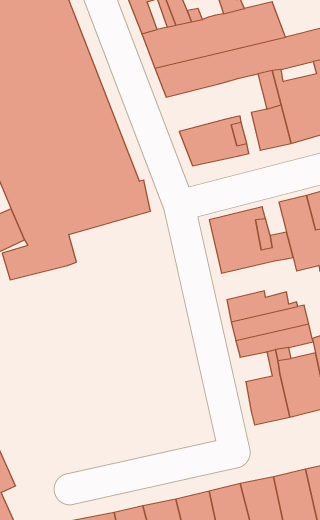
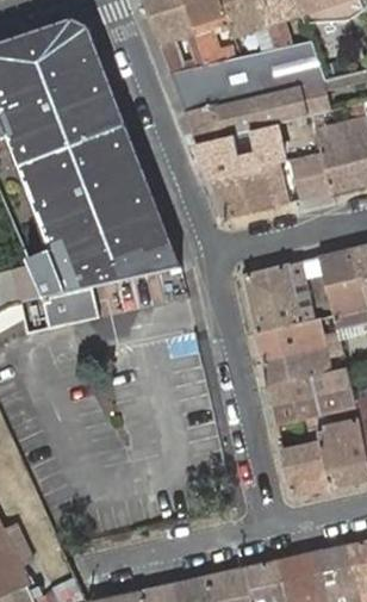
building: none -> [197,123,282,180]
building: none -> [256,317,342,361]

